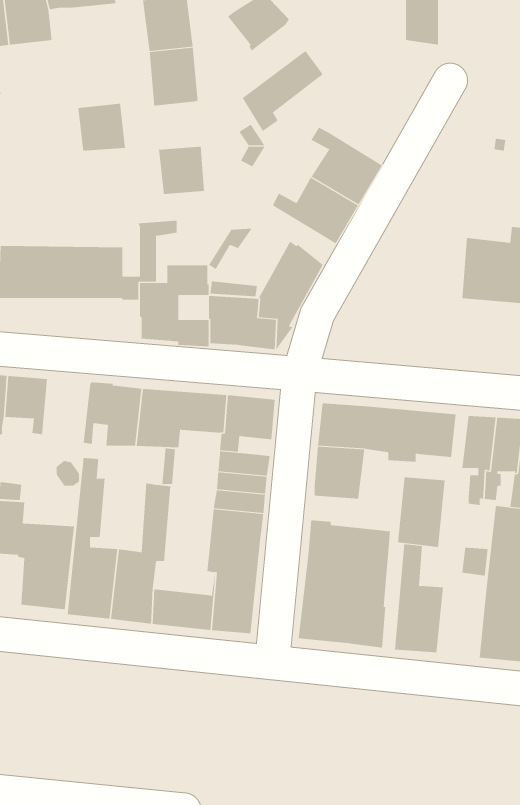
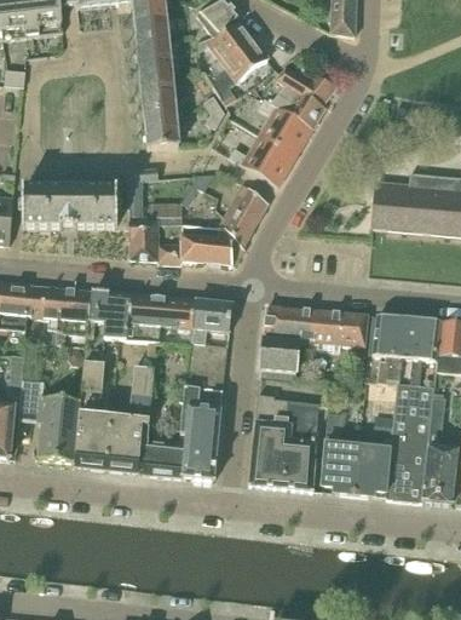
building: none -> [197,19,255,75]
building: none -> [272,67,338,126]
building: [78,103,126,151] -> [140,78,177,114]
building: none -> [57,287,92,335]
building: [397,477,445,547] -> [355,444,391,498]

